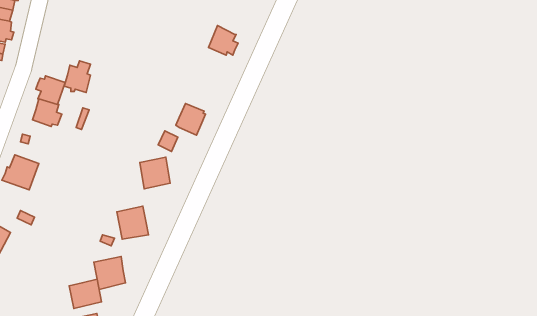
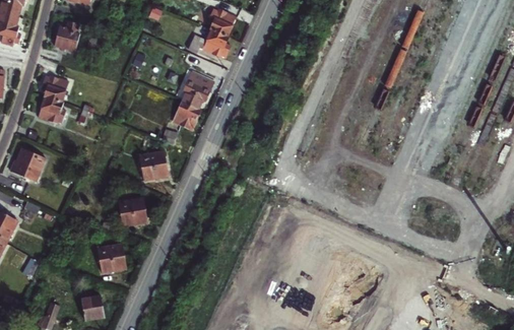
building: none -> [207,10,235,38]
building: [64,61,90,93] -> [55,22,79,52]
building: none -> [181,72,212,109]
building: [69,279,102,308] -> none

